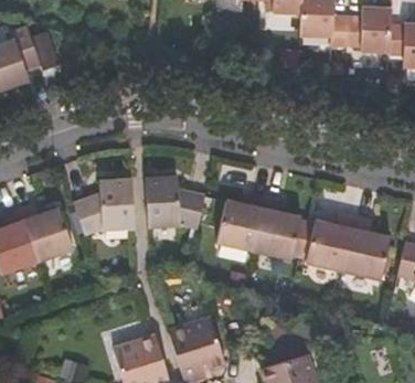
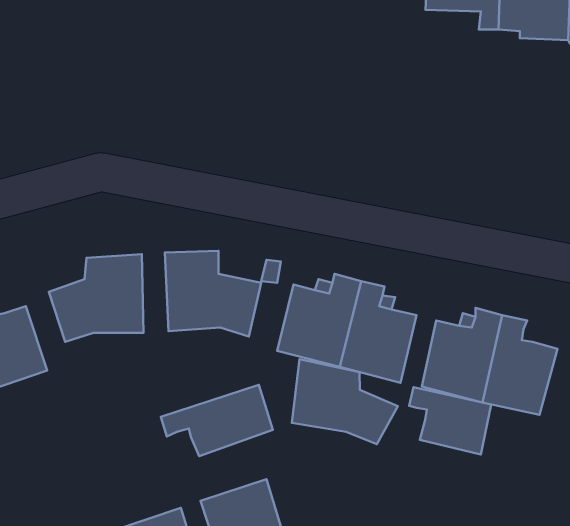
building: none -> [292,359,398,444]
building: none -> [161,385,273,456]
building: none -> [409,387,491,454]

